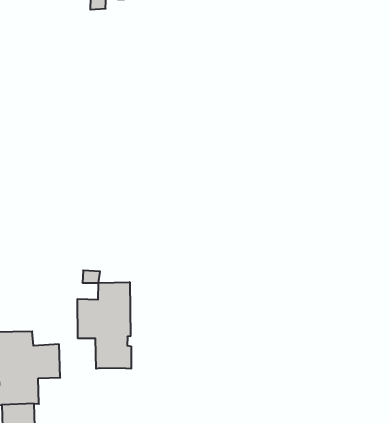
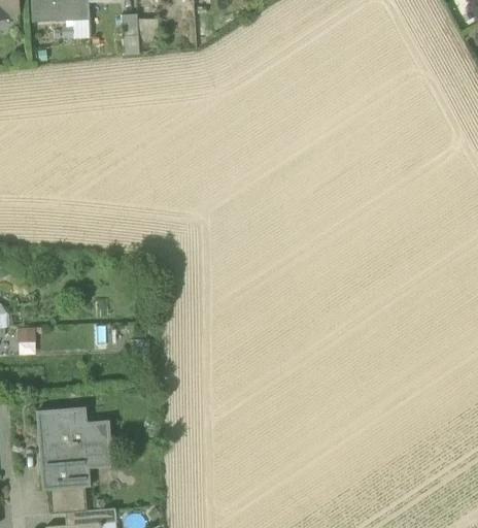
building: [78,282,131,369] -> none

